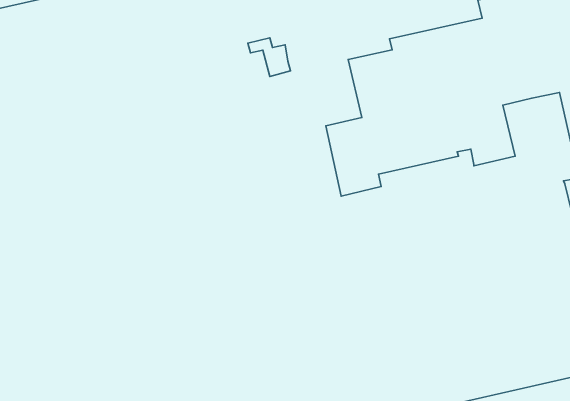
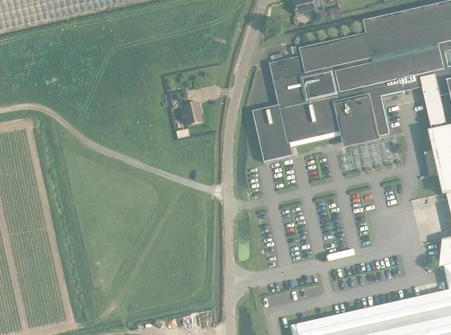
building: [248,38,291,76] -> [171,96,202,124]

